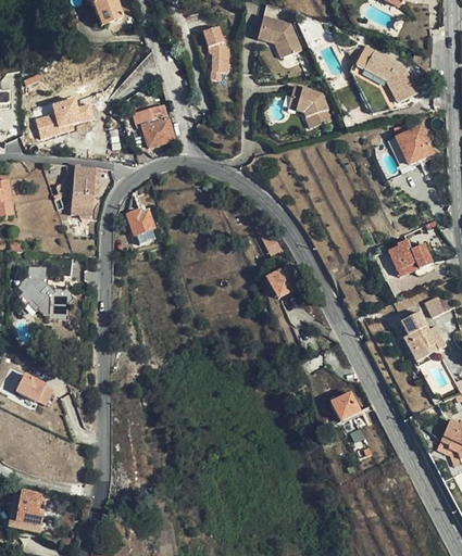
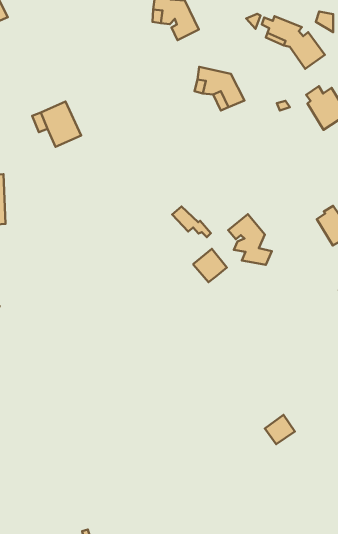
building: [202,26,229,73] -> none
building: [126,211,154,243] -> none
building: none -> [228,214,272,265]
building: [330,392,359,419] -> [265,415,295,444]

